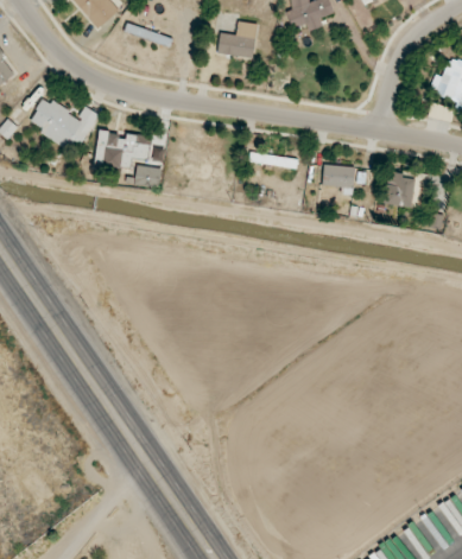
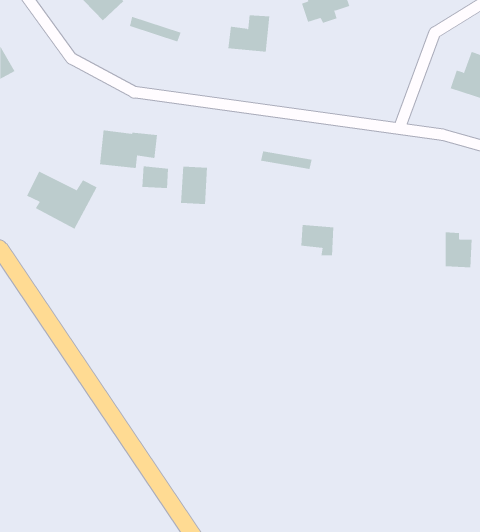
building: [31,97,99,153] -> [26,171,97,229]
building: [322,164,354,193] -> [300,225,334,256]
building: none -> [181,166,208,205]
building: [387,171,413,205] -> [445,232,472,268]

